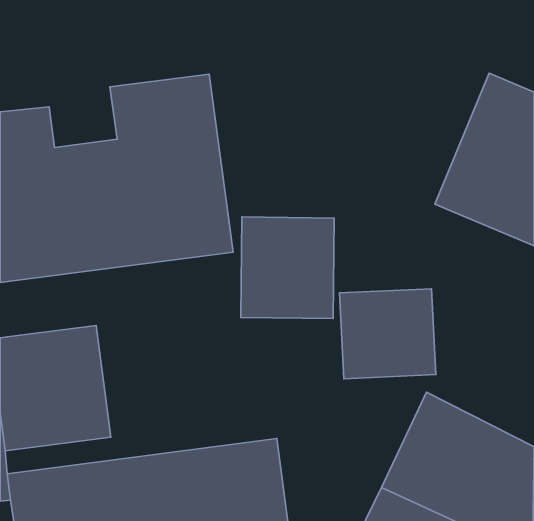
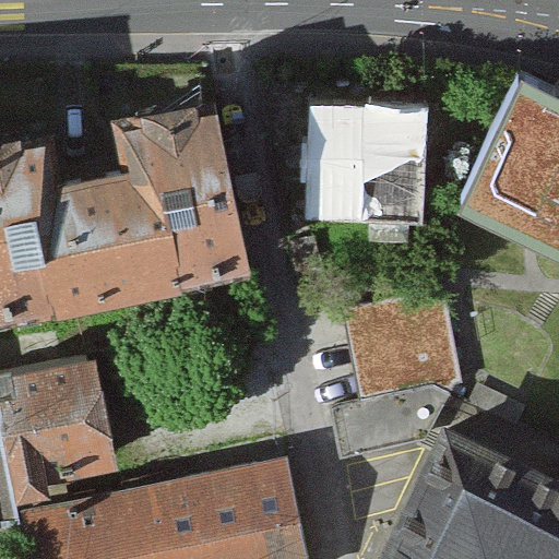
building: none -> [294,93,435,228]
building: [241,217,334,318] -> none

